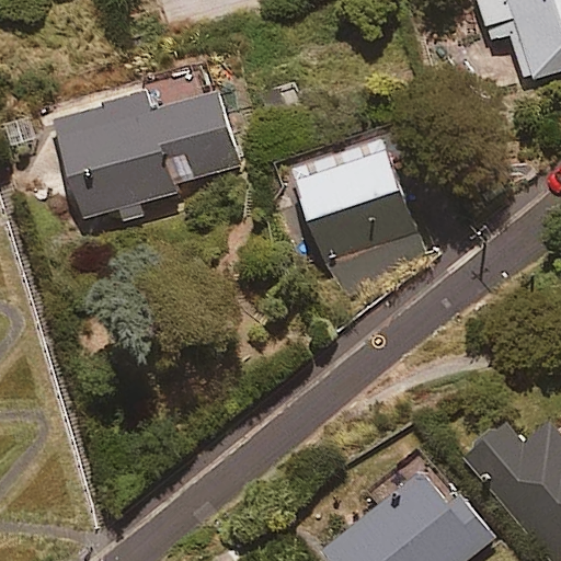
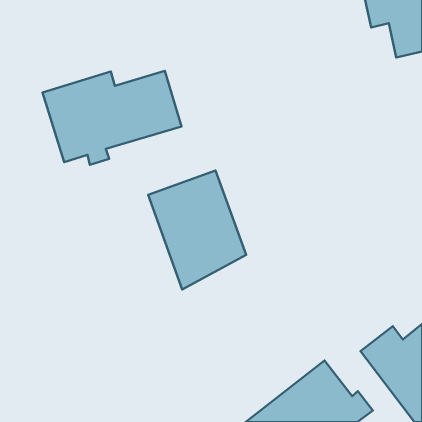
building: [295,139,424,296] -> [148,171,246,290]

